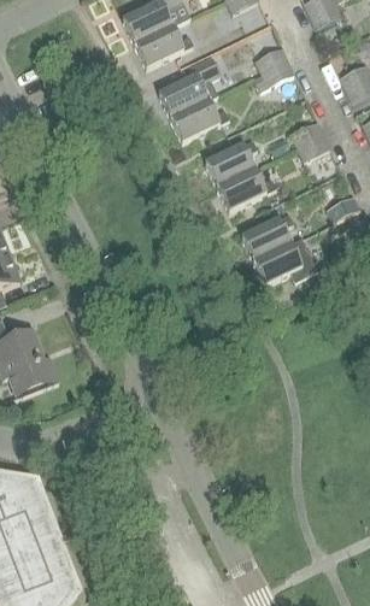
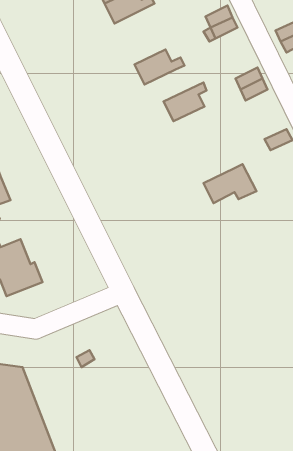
building: [158,53,219,116] -> none
building: [216,166,275,208] -> none
building: [240,212,292,259] -> none

